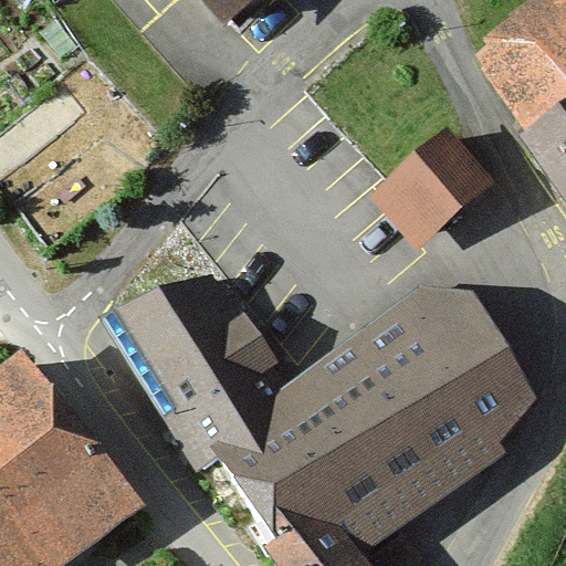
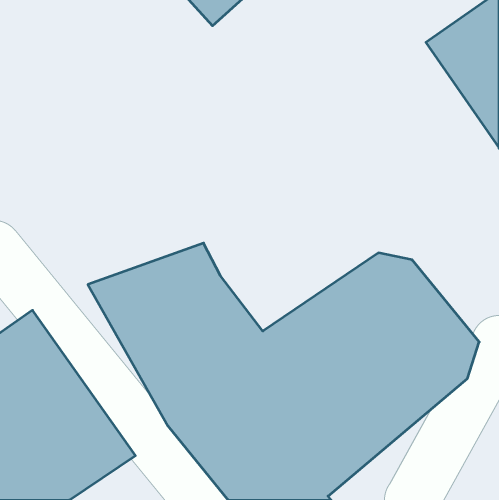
building: [376,129,504,253] -> none

